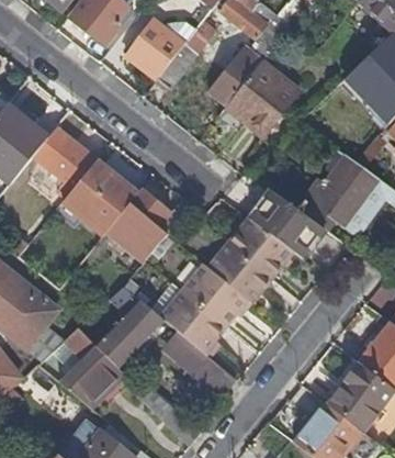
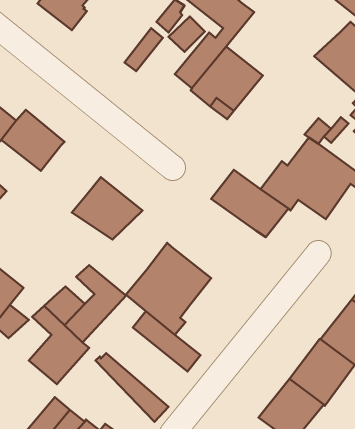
building: [127,20,183,77] -> none
building: [64,163,134,232] -> none
building: [206,217,293,303] -> none

